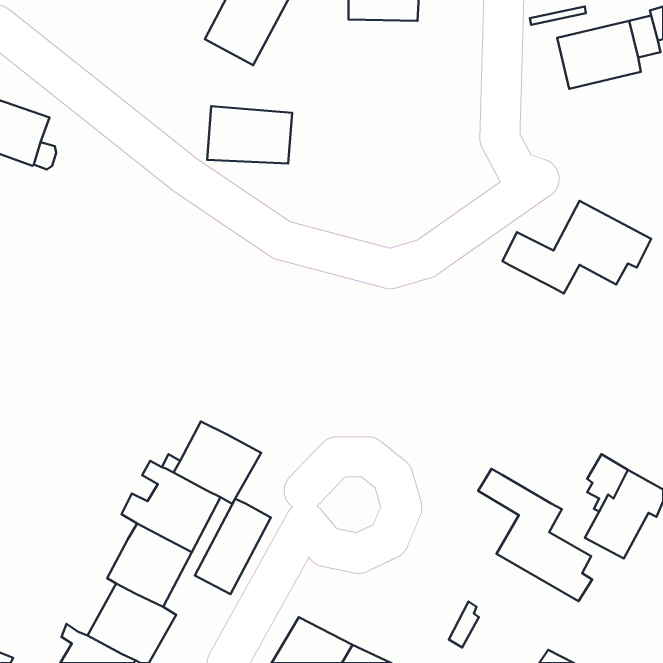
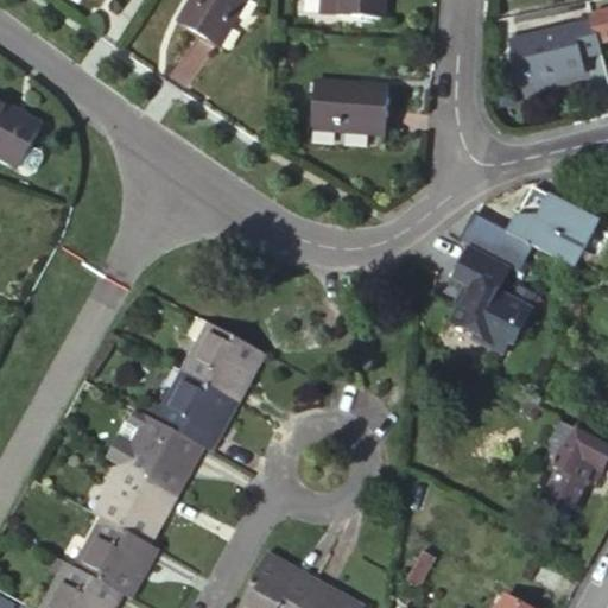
building: [207,106,292,164] -> [312,81,390,133]
building: none -> [443,242,526,347]
building: none -> [183,331,266,412]
building: [478,469,592,601] -> none
building: [195,499,271,594] -> none

